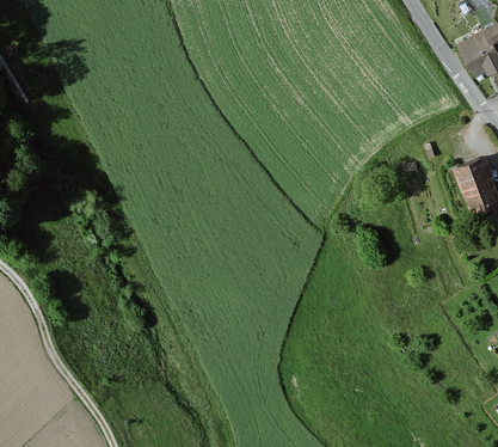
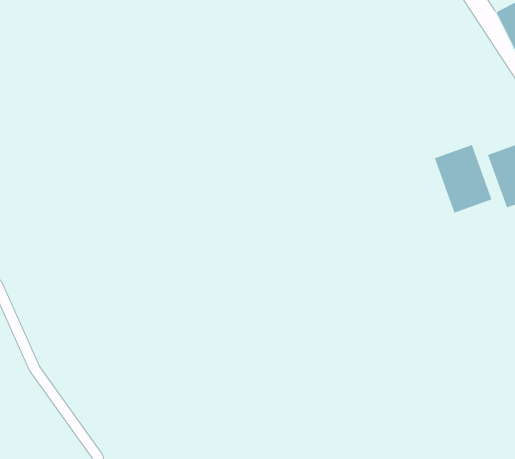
building: none -> [434,144,492,214]

